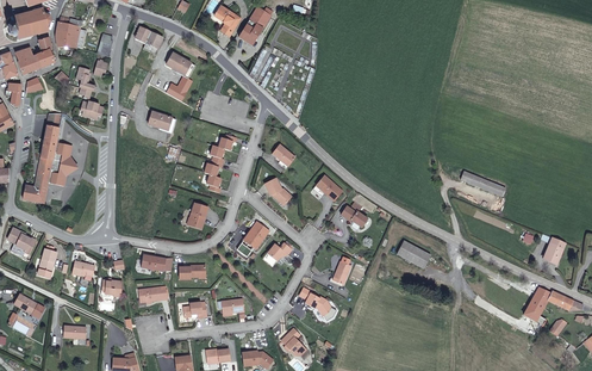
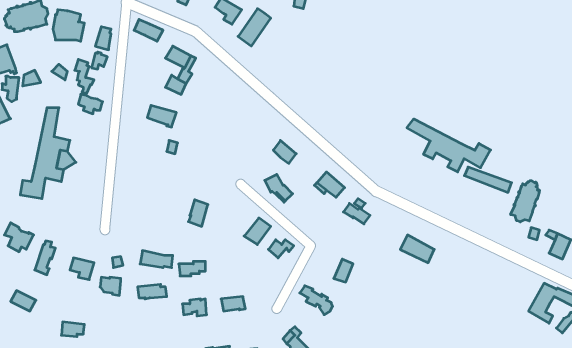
building: [14,37,54,75] -> none
building: none -> [407,119,491,172]
building: [204,135,237,194] -> none
building: none -> [511,181,539,222]

